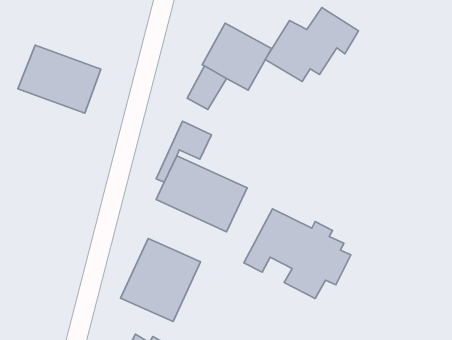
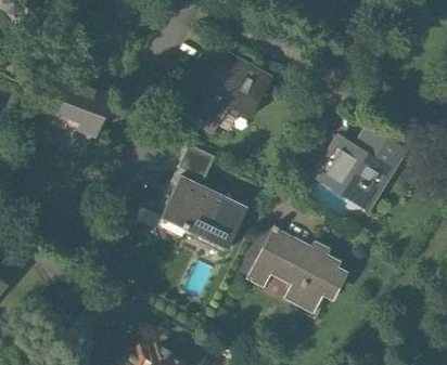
building: [265,8,359,81] -> [315,126,403,195]
building: [121,238,201,322] -> none

